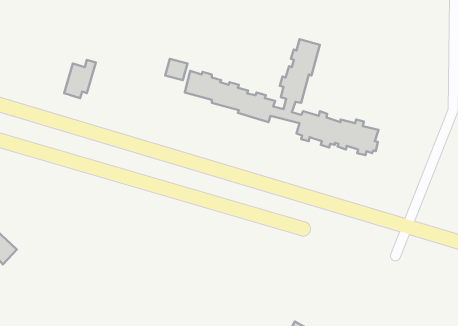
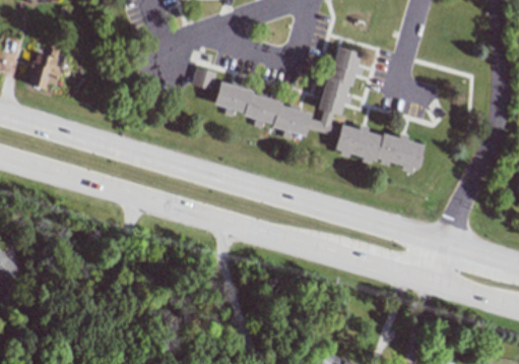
building: [64,60,96,98] -> [31,48,66,89]

